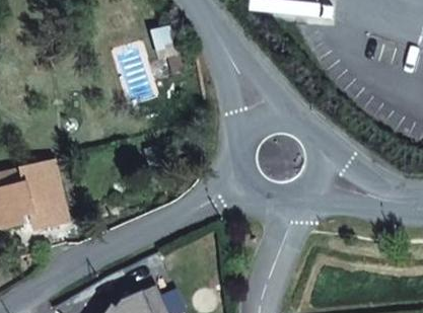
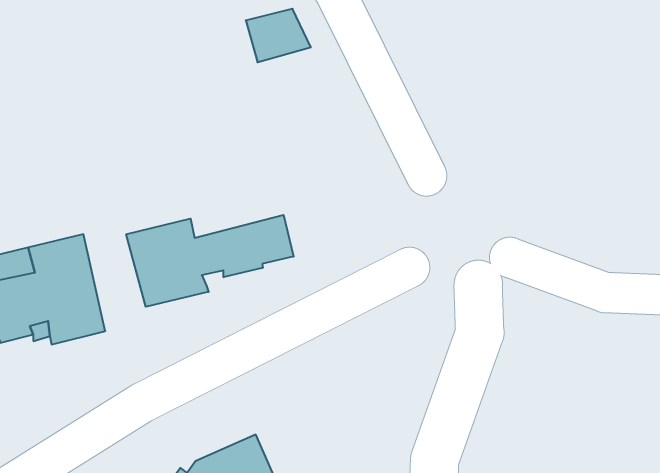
building: none -> [126,215,294,307]

